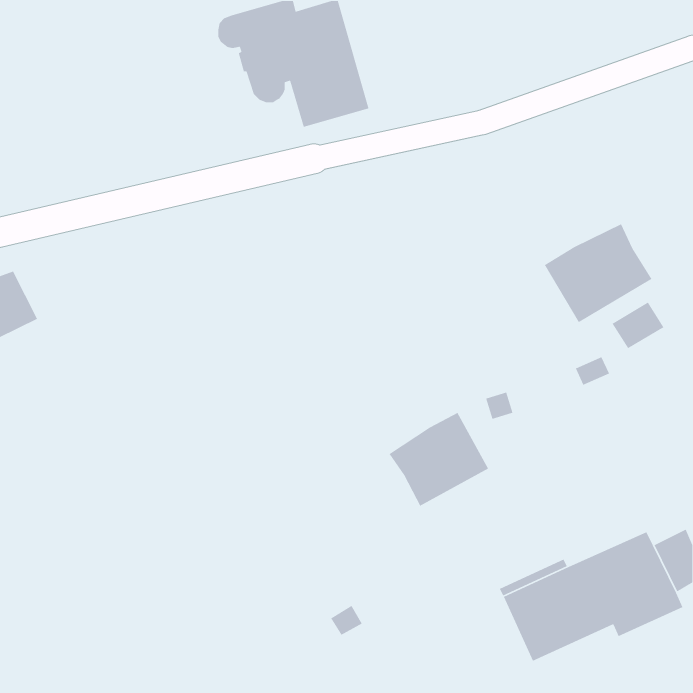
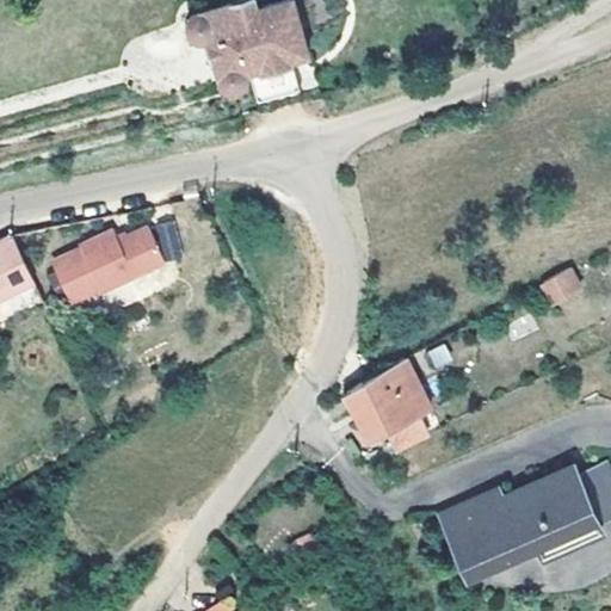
building: [544,223,653,323] -> none
building: none -> [51,227,162,302]

